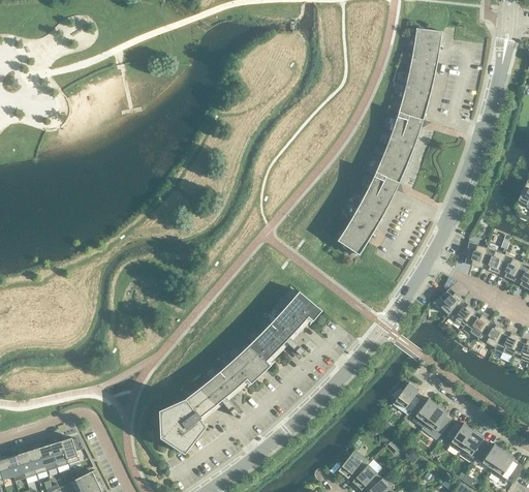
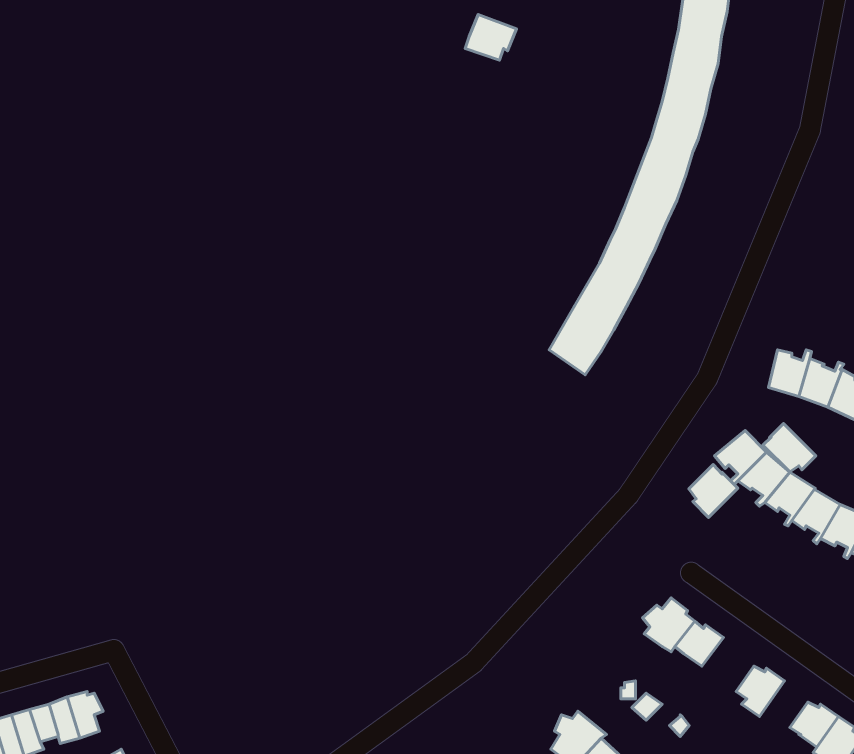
building: none -> [465,15,516,60]
building: none -> [763,424,816,472]
building: [159,290,321,454] -> none
building: none -> [689,464,738,517]
building: [421,406,450,439] -> none
building: [457,431,486,463] -> none

